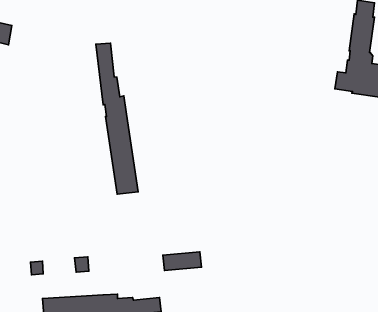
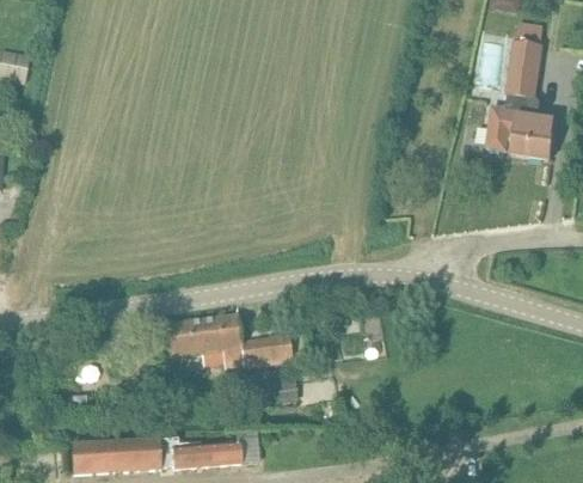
building: [96,43,138,194] -> none
building: none -> [162,313,290,367]

